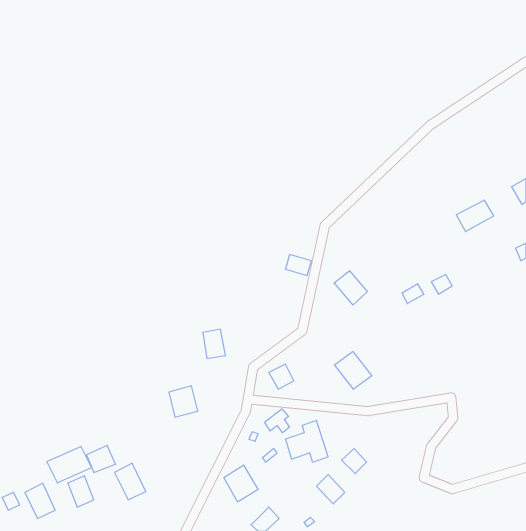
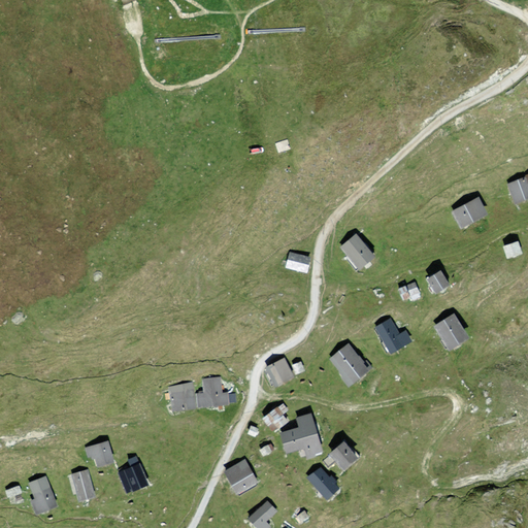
building: [334,271,367,305] -> [340,234,373,268]
building: none -> [437,314,471,349]
building: none -> [375,320,404,353]
building: [203,329,226,358] -> [200,377,223,406]
building: [47,446,92,483] -> none

